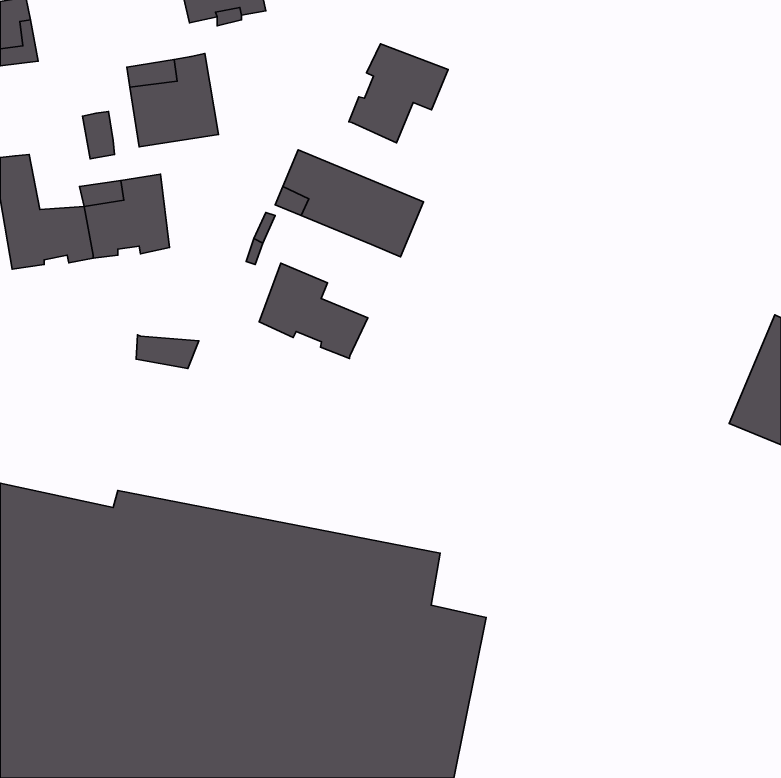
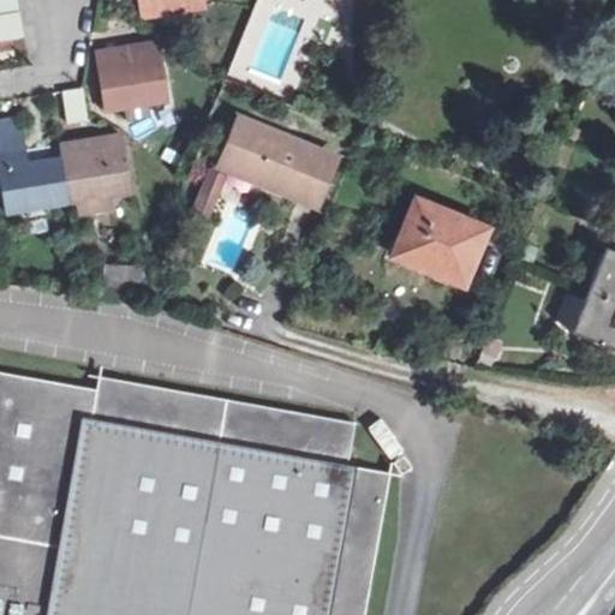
building: [349,44,448,143] -> none
building: none -> [393,199,485,280]
building: [259,263,368,358] -> none

